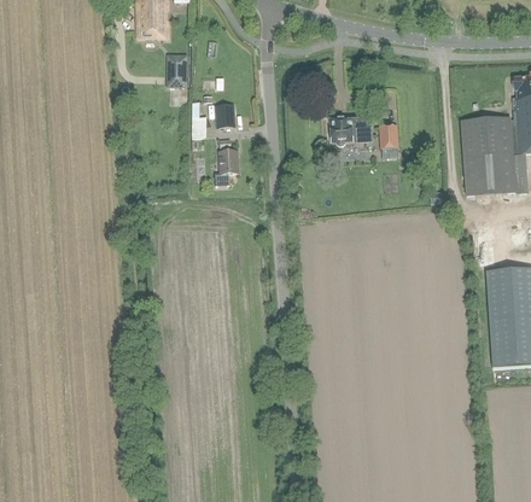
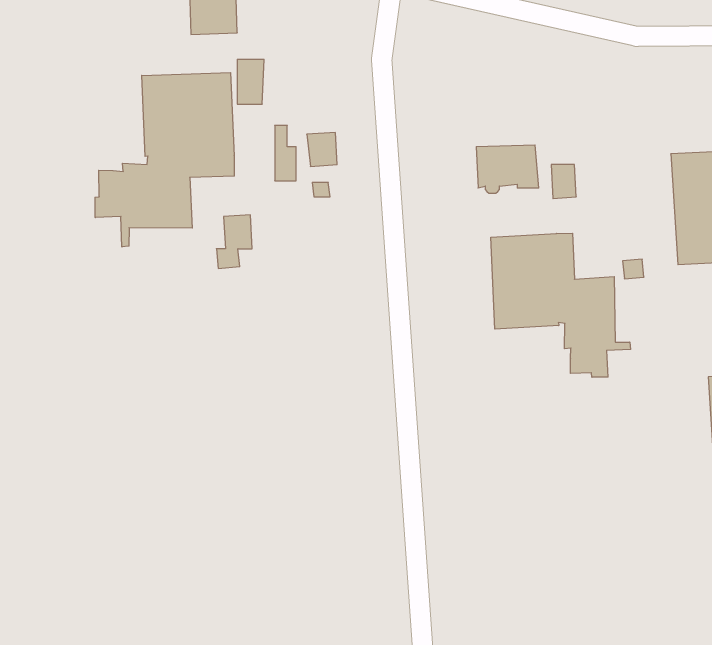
building: none -> [95,73,234,247]
building: [214,151,238,187] -> [216,215,252,268]
building: none -> [491,233,631,377]

